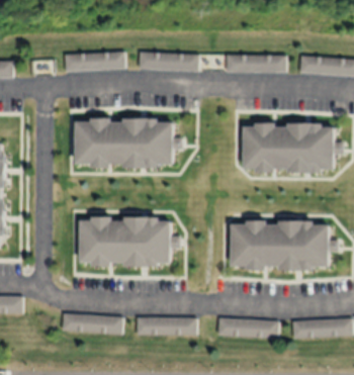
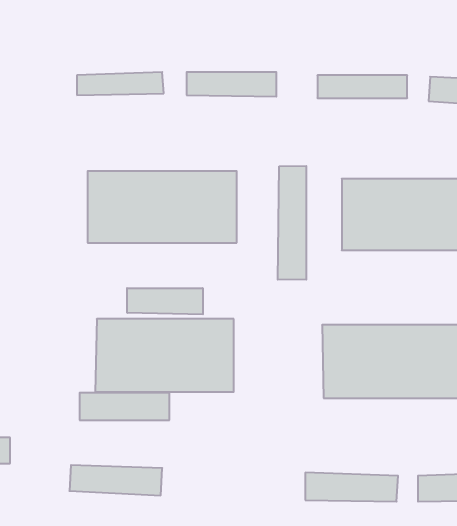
building: none -> [278,166,306,280]
building: none -> [127,288,203,314]
building: [137,317,196,336] -> [80,393,169,420]

